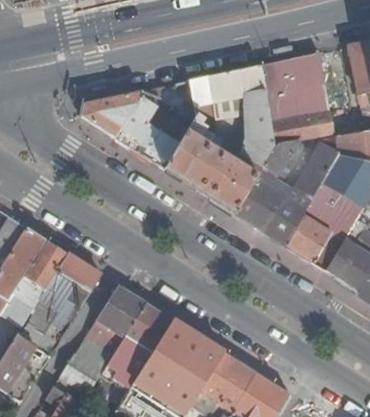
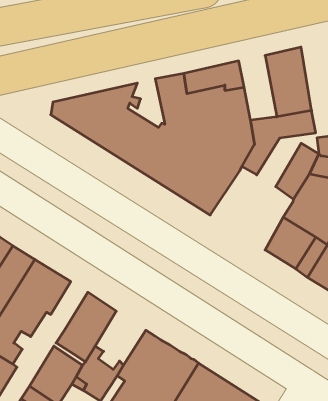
building: [261,60,297,121] -> none
building: [234,169,312,244] -> none
building: [125,302,173,357] -> none

